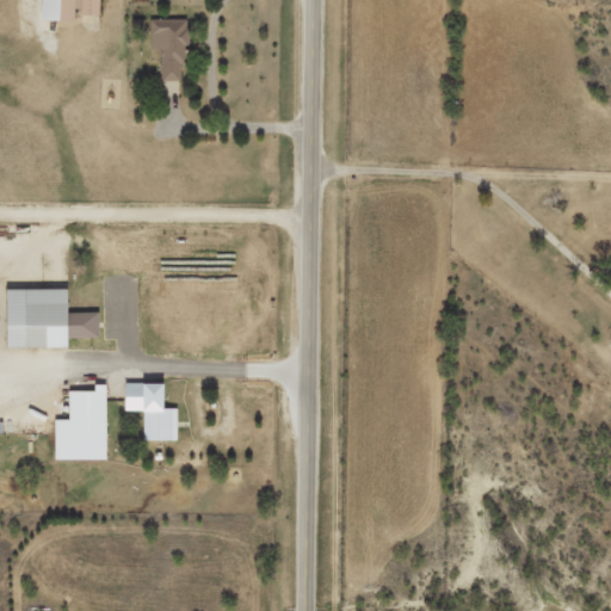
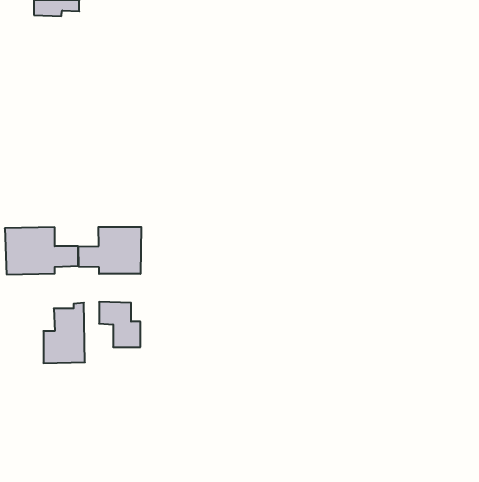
building: [150,18,189,80] -> none
building: none -> [78,227,141,274]

